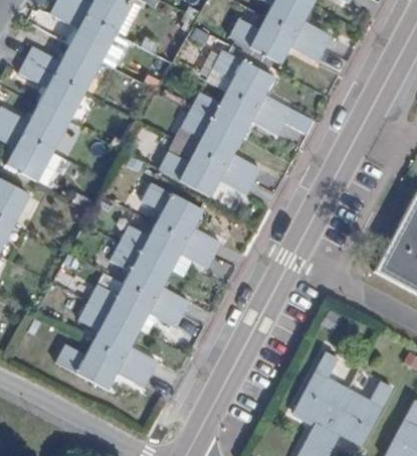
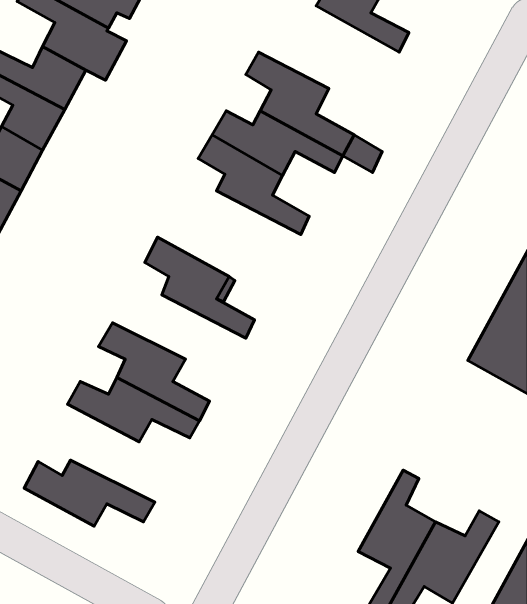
building: [229,16,324,64] -> none
building: [157,149,253,197] -> none
building: [119,223,214,270] -> none
building: [77,302,156,372] -> none

